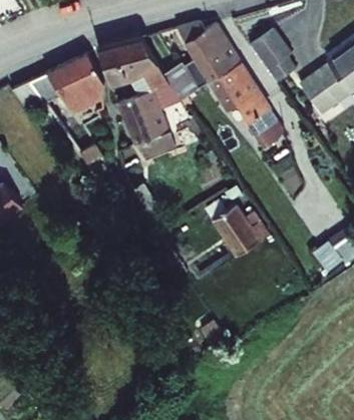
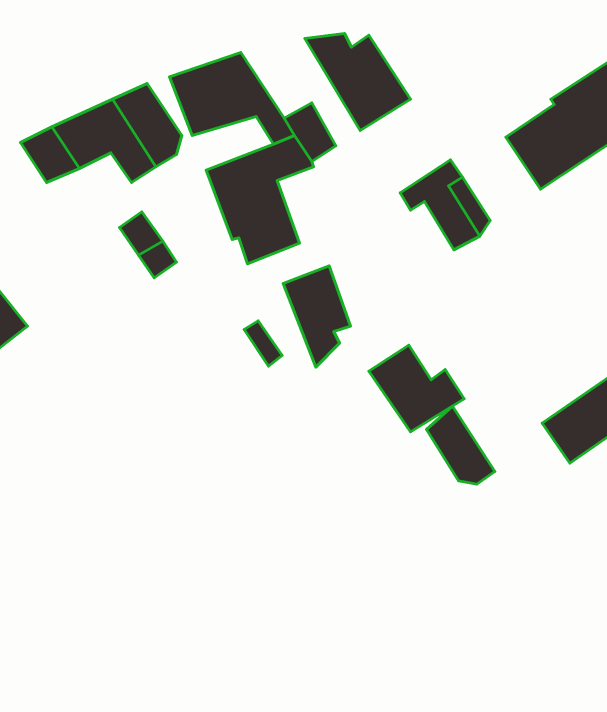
building: [246,25,294,82] -> none
building: [211,63,263,117] -> none
building: none -> [283,266,351,367]
building: none -> [426,406,495,484]

